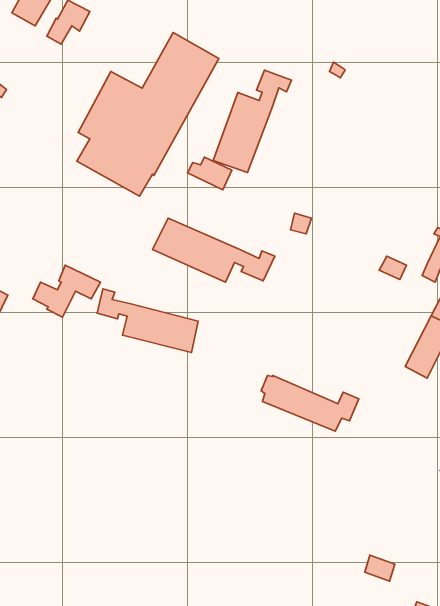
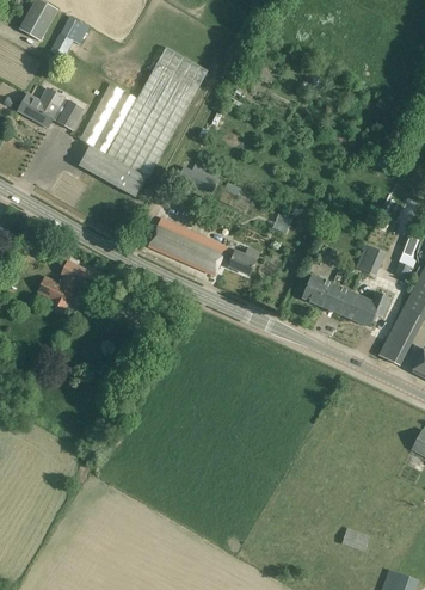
building: [213,70,291,172] -> none
building: none -> [19,87,85,130]
building: [97,289,198,352] -> none
building: [261,375,359,431] -> [302,275,392,326]

